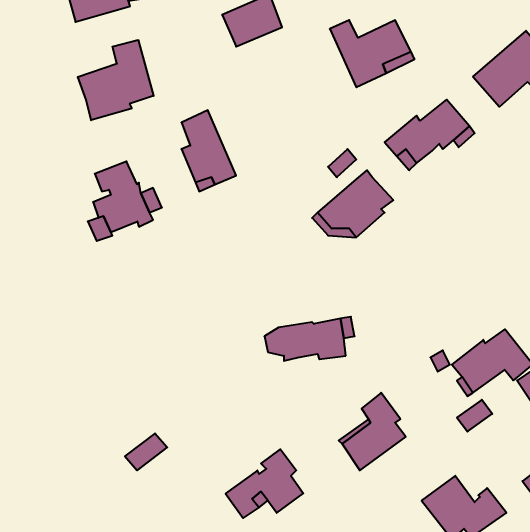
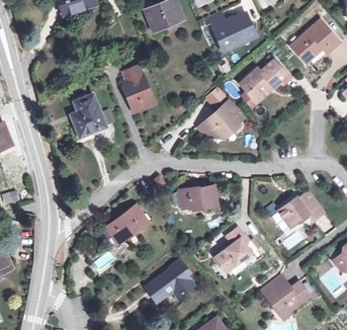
building: [78,40,154,120] -> none
building: none -> [98,204,148,243]

